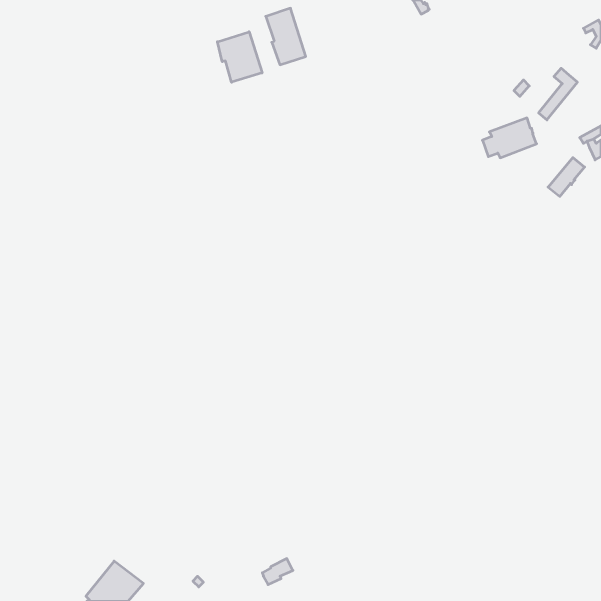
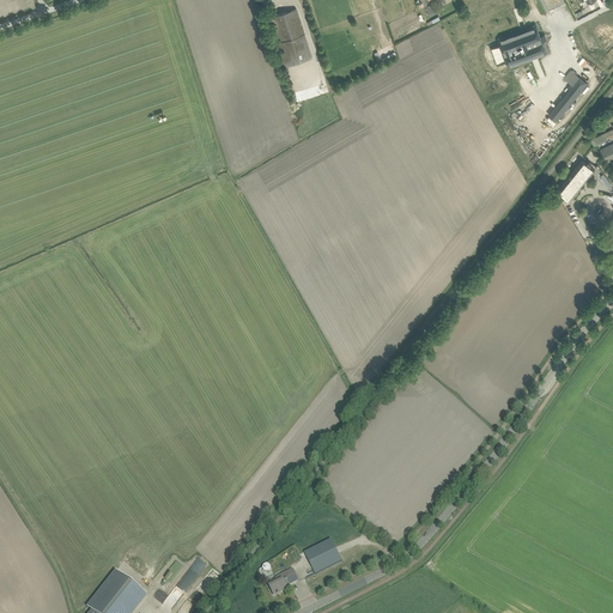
building: [217,32,262,82] -> none
building: [482,118,537,158] -> [491,25,546,66]
building: none -> [303,536,341,575]

